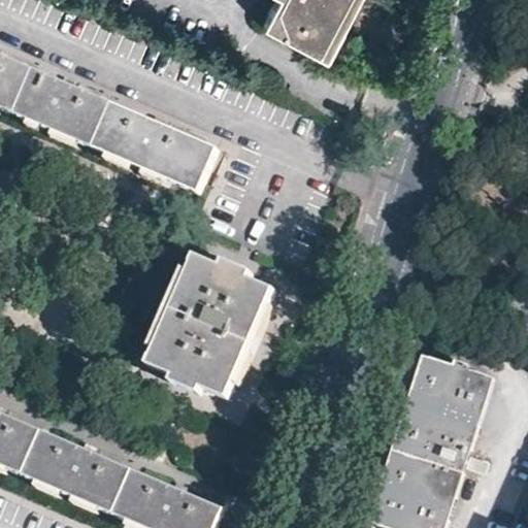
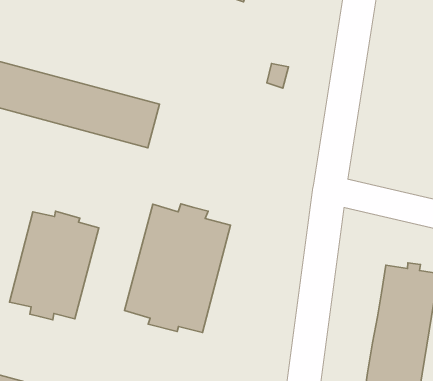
building: none -> [10,211,99,320]

